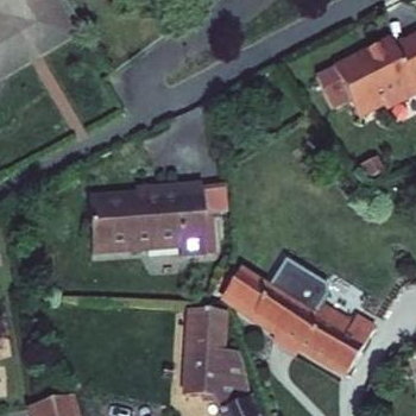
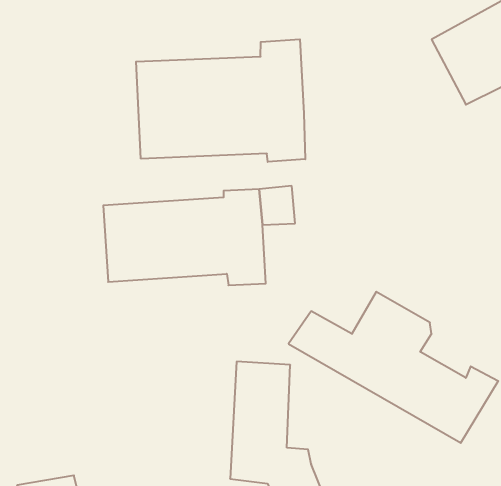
building: none -> [136,39,305,162]

